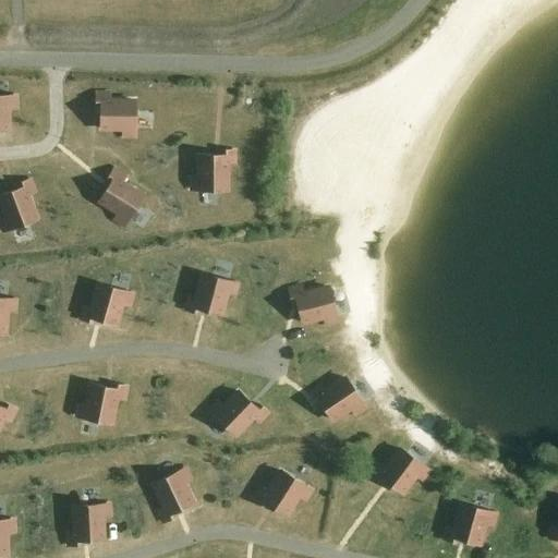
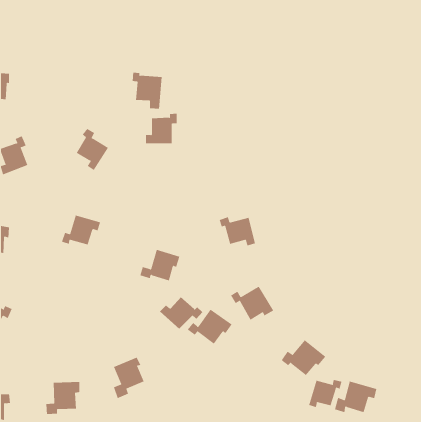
building: [96,93,136,142] -> [132,72,162,109]
building: [181,274,234,316] -> [140,249,180,281]
building: [77,384,128,423] -> none
building: [250,470,310,517] -> [187,309,232,344]
building: none -> [309,379,342,408]

